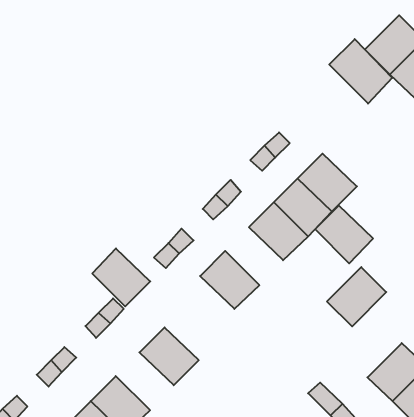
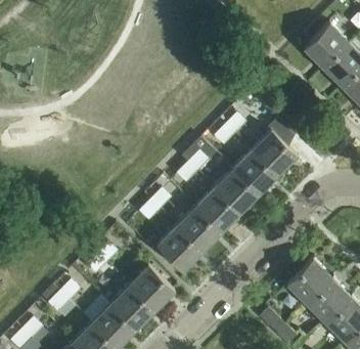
building: [329,39,392,104] -> none
building: [315,206,373,263] -> [194,188,239,233]
building: [92,248,150,306] -> [156,226,201,271]
building: [327,267,386,326] -> [285,259,331,305]
building: none -> [109,286,154,331]

